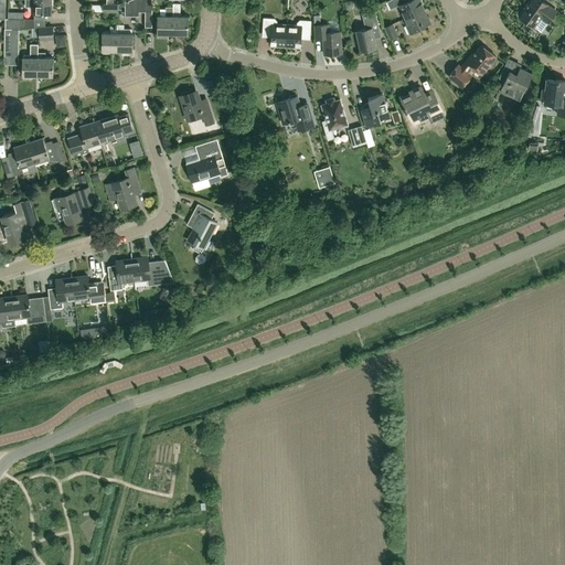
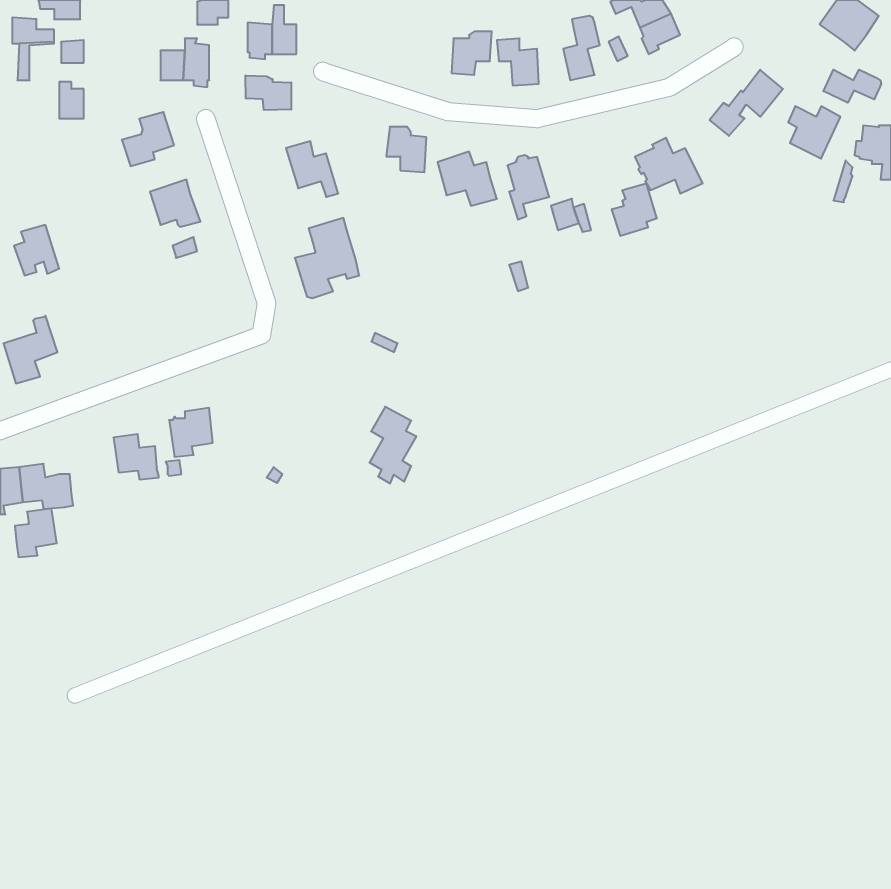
building: [262,19,287,47] -> [386,127,426,172]
building: [22,44,38,78] -> none
building: none -> [823,70,881,103]
building: none -> [246,75,291,110]
building: [361,94,390,127] -> [612,183,657,236]
building: [68,122,102,157] -> [122,112,174,166]
building: [29,138,65,164] -> none
building: [106,169,140,209] -> none
building: [52,190,93,223] -> none
building: [188,205,217,254] -> [369,407,416,483]
building: [132,257,160,286] -> none
building: [49,278,75,309] -> [15,508,57,557]

